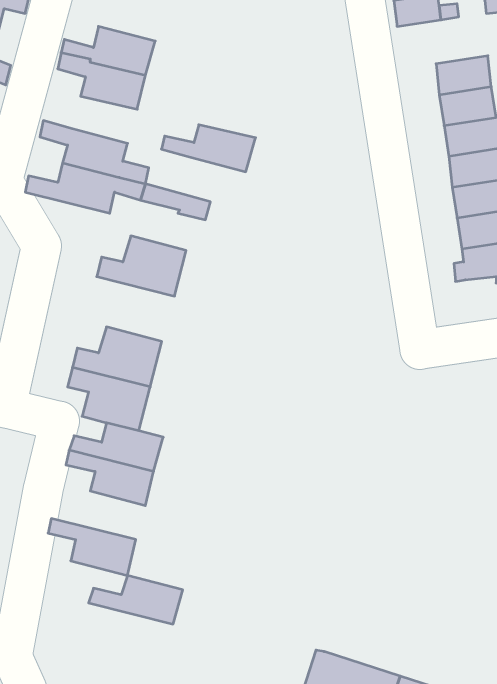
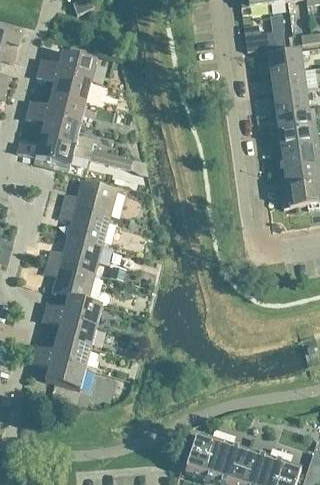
building: none -> [268,50,303,74]
building: [161,125,256,172] -> [29,94,87,123]
building: none -> [59,205,110,245]
building: [89,575,183,624] -> [34,337,92,367]

